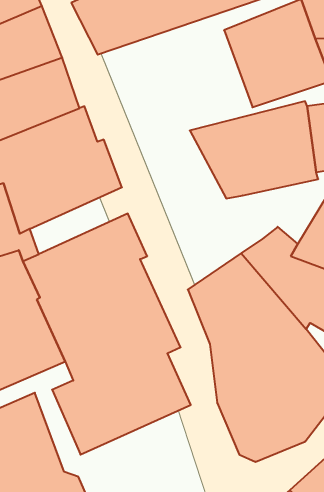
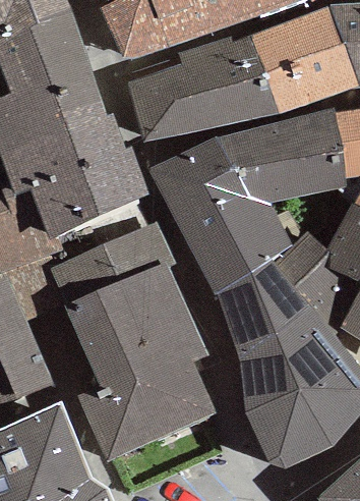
building: none -> [126,36,280,144]
building: none -> [147,136,290,296]

